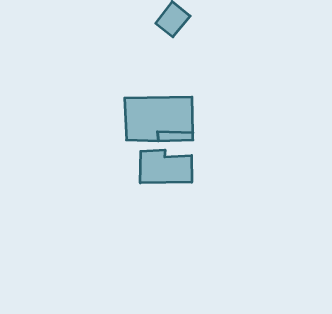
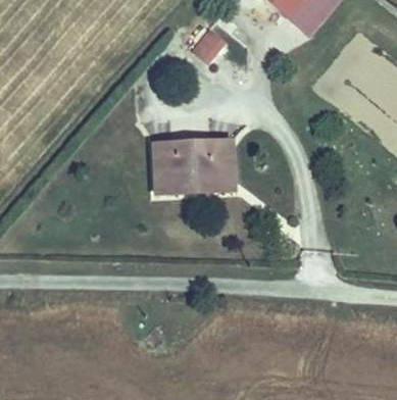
building: [140,150,192,183] -> none

